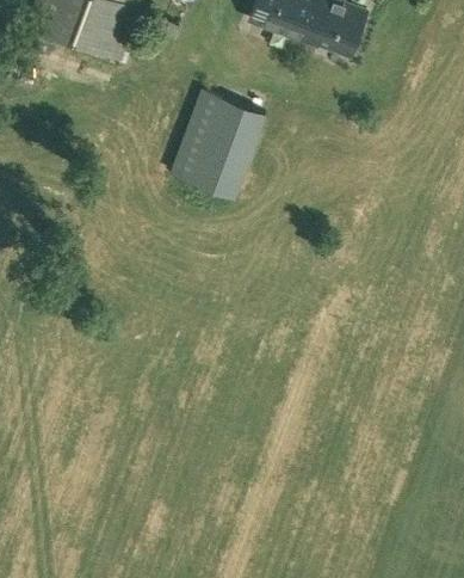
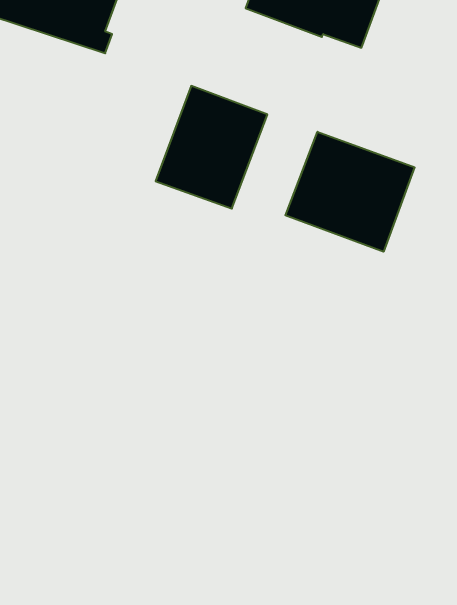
building: none -> [285,132,415,252]

